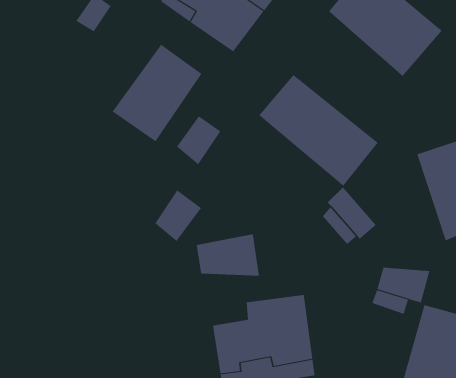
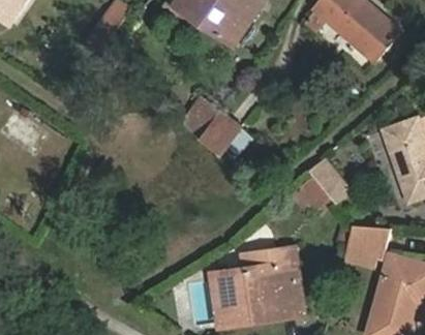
building: [112,44,202,142] -> none
building: [259,74,379,186] -> none
building: [154,189,202,242] -> [202,112,241,155]
building: [196,234,260,277] -> none

